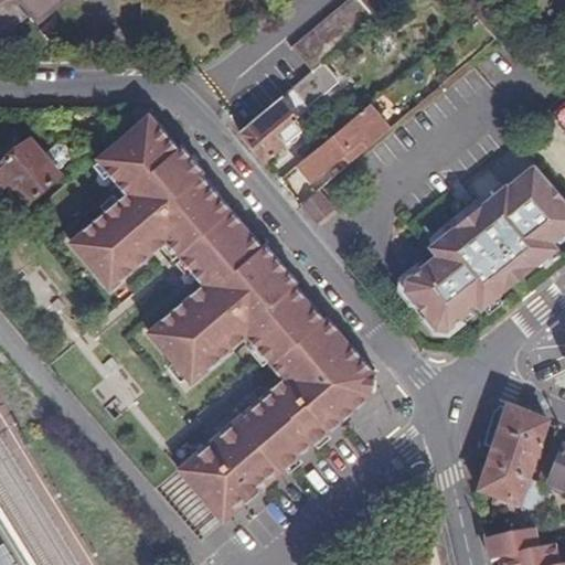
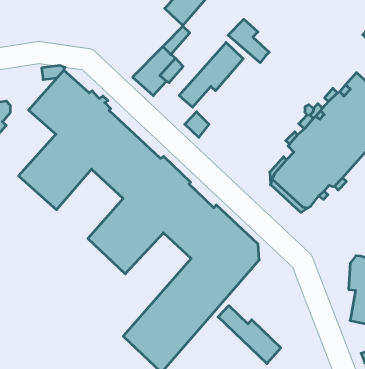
building: none -> [228,19,269,63]
building: none -> [218,306,281,364]

